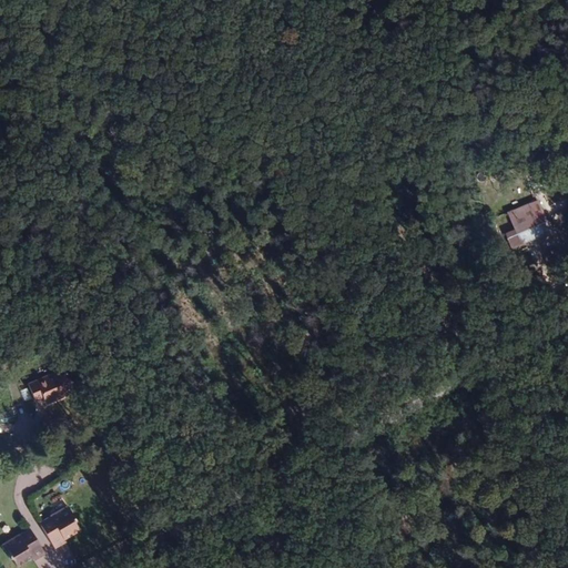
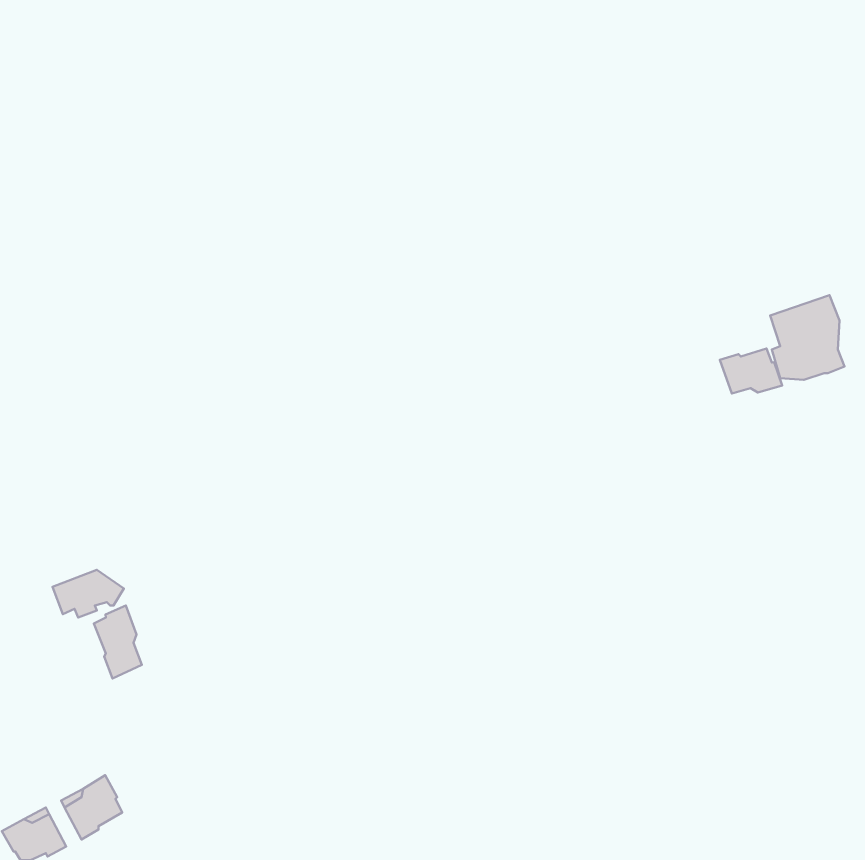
building: none -> [720,348,782,394]
building: none -> [94,606,142,678]

